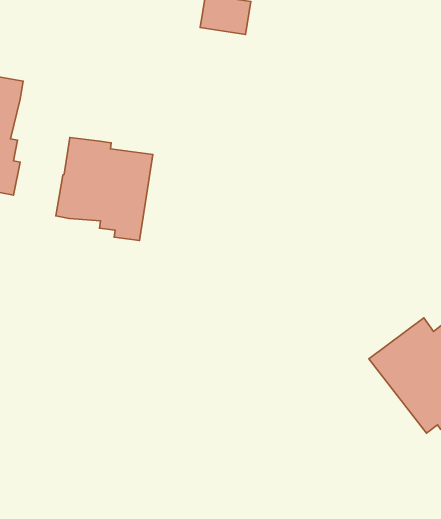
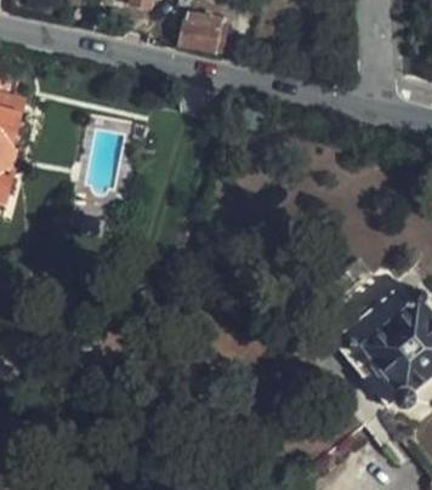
building: [56,138,153,240] -> none

